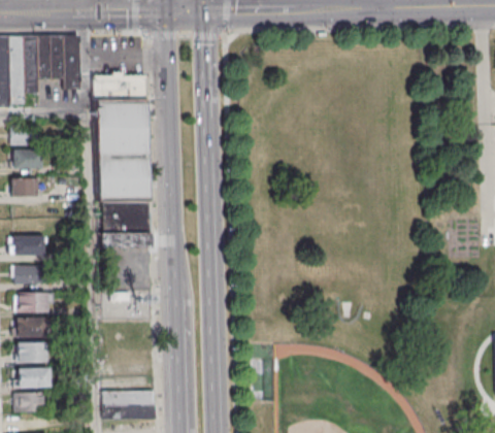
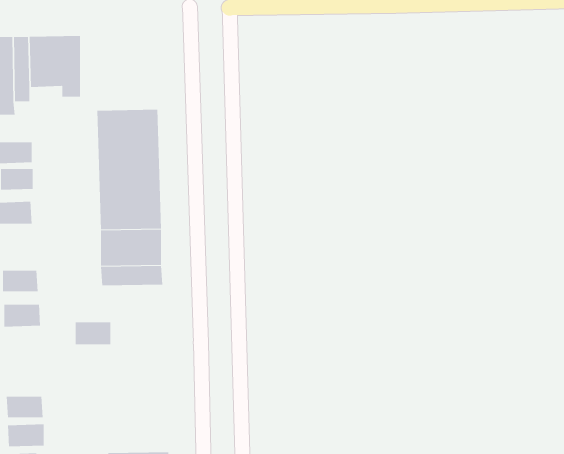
building: [94,75,146,100] -> none
building: [16,292,47,311] -> [75,322,111,345]
building: [16,317,48,337] -> none

